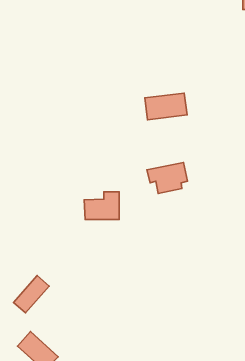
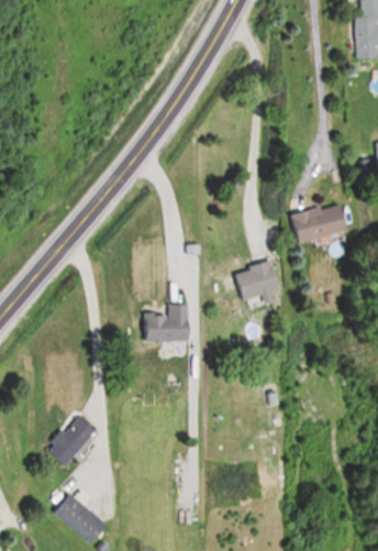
building: [145,93,187,120] -> [290,205,347,241]

